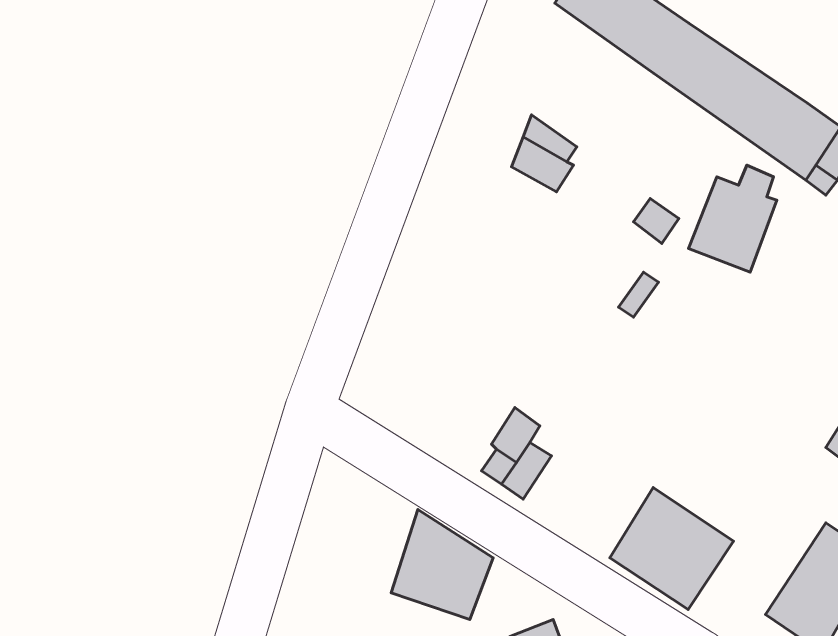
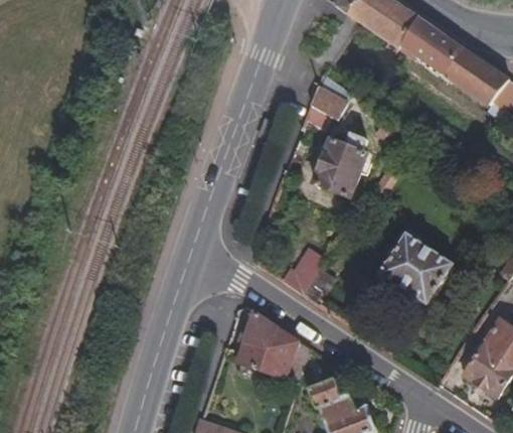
building: [688,165,777,272] -> [314,132,367,196]
building: [610,488,733,610] -> [380,231,455,304]

